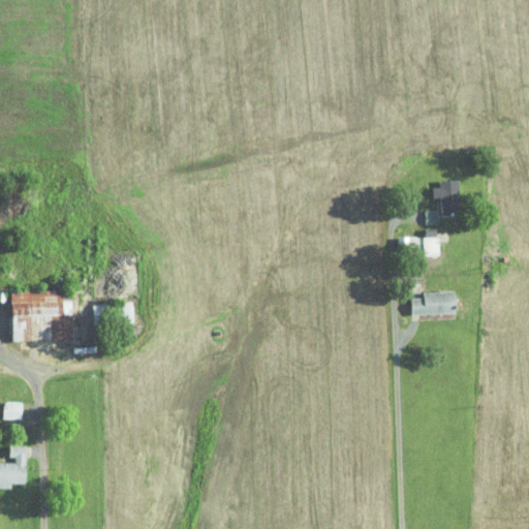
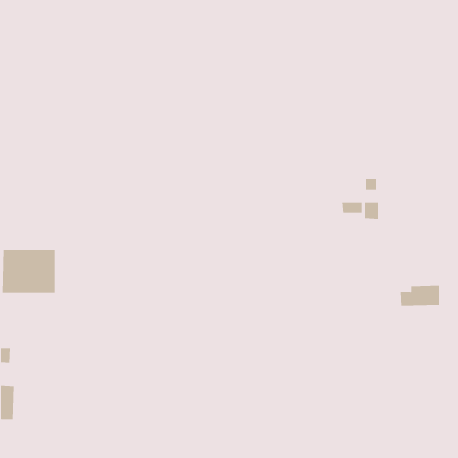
building: [438,181,458,213] -> none
building: [409,291,455,315] -> [400,285,440,306]

